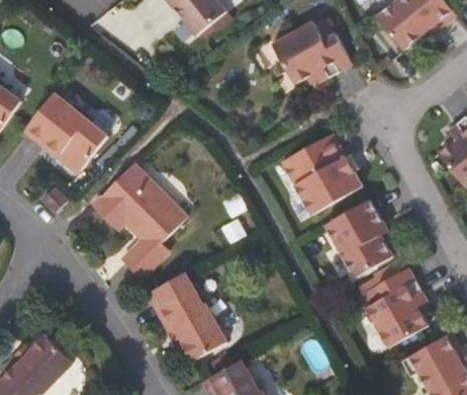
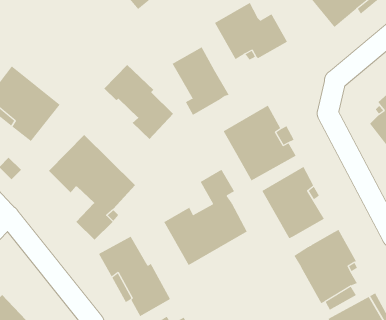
building: none -> [172,47,229,116]
building: none -> [103,64,174,140]
building: none -> [164,169,248,266]

